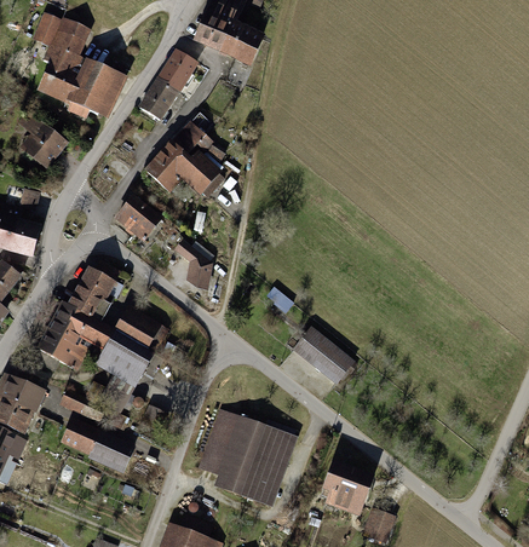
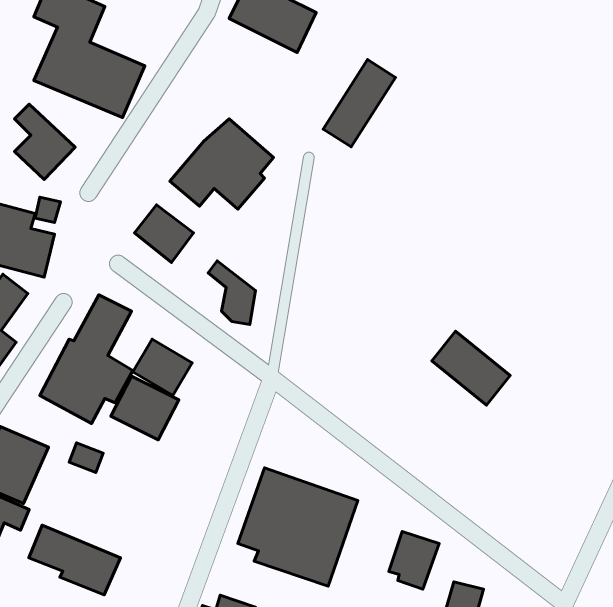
building: [138,47,197,119] -> [323,60,396,147]
building: [295,321,360,381] -> [432,331,510,405]
building: [61,415,136,472] -> [29,525,121,595]

